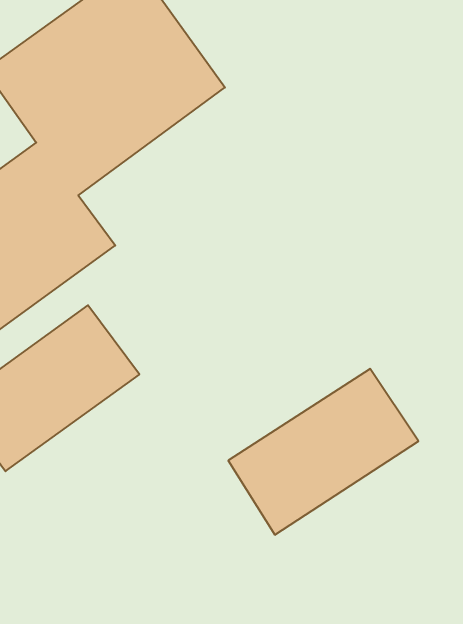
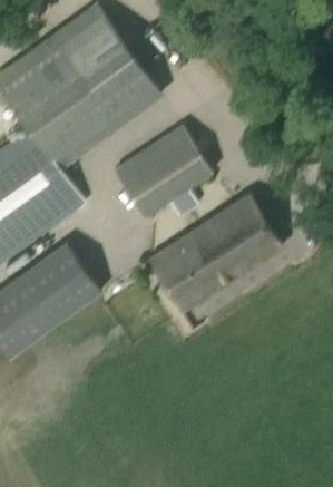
building: none -> [114,126,212,216]
building: [228,369,418,535] -> [149,196,281,311]

